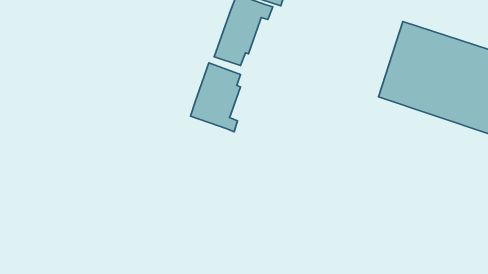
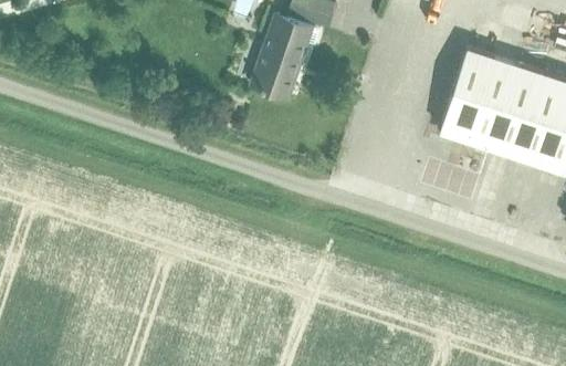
building: [190,63,241,132] -> none

